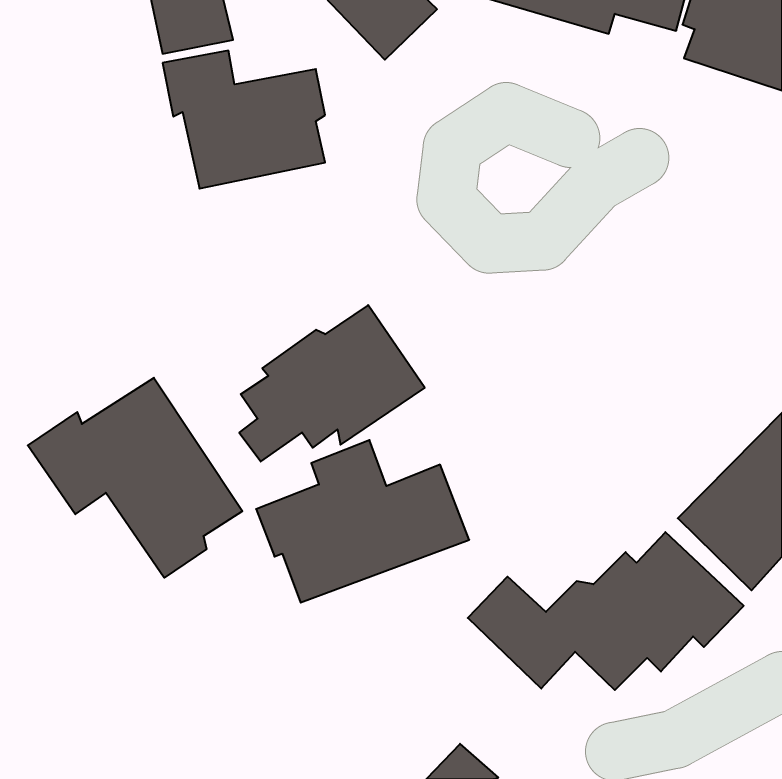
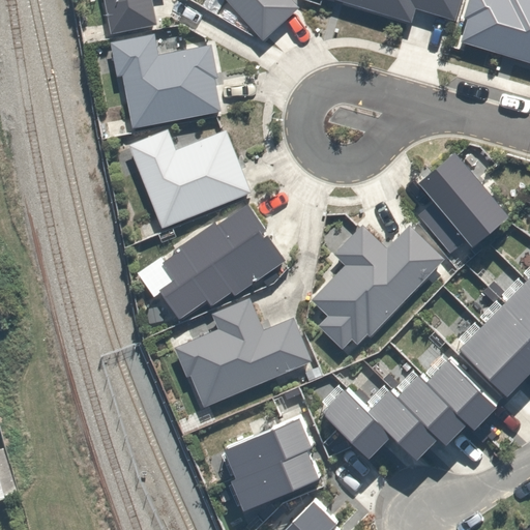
building: none -> [128,129,253,229]
building: none -> [422,154,516,255]
building: none -> [315,225,442,347]
building: [28,378,242,578] -> none
building: none -> [222,411,318,514]

